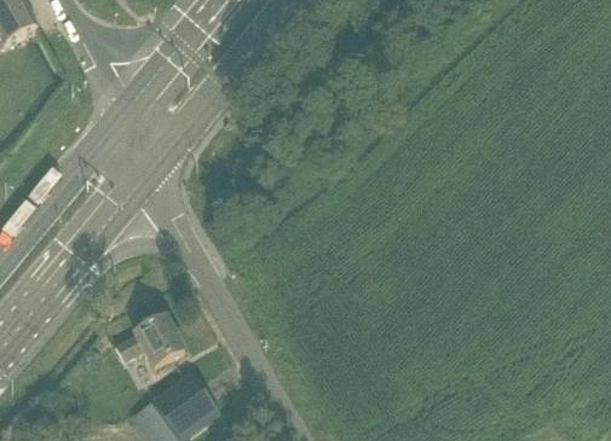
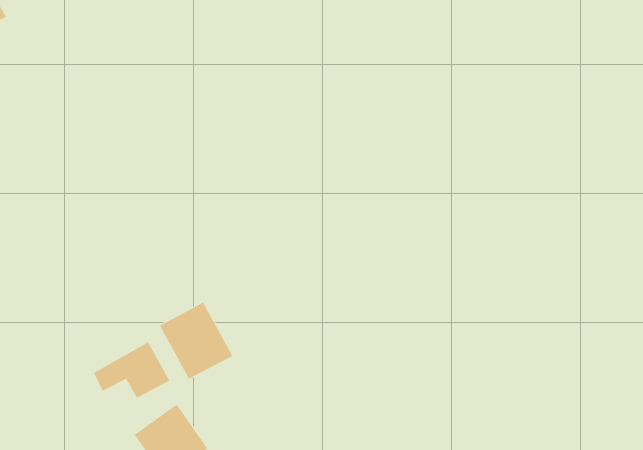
building: none -> [159,302,233,380]

